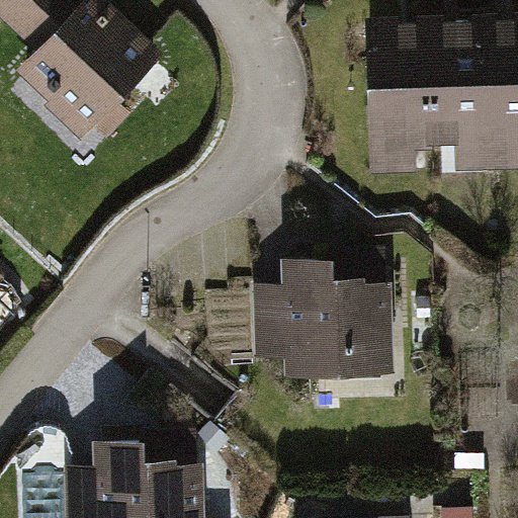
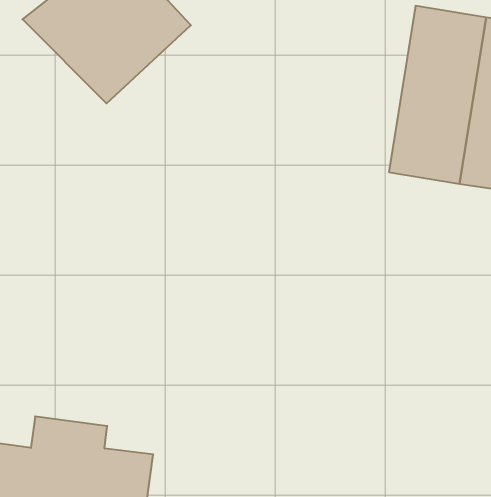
building: [252,253,397,373] -> none

